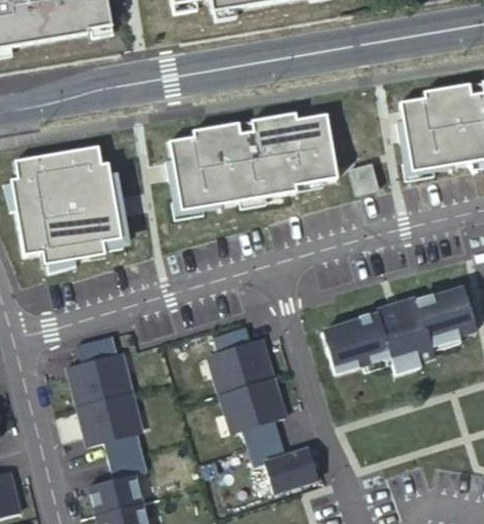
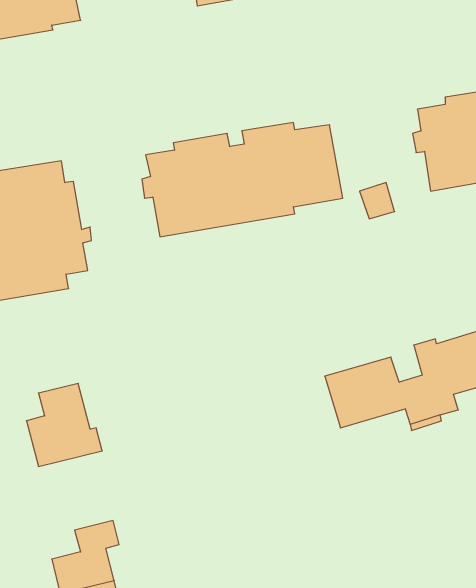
building: [213,323,318,490] -> none
building: [78,391,141,458] -> none

